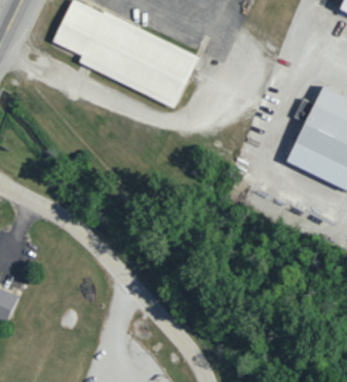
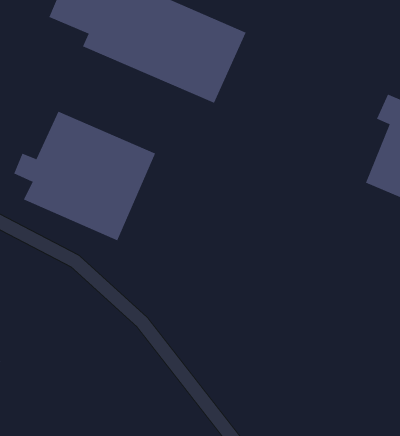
building: none -> [14,111,156,241]

